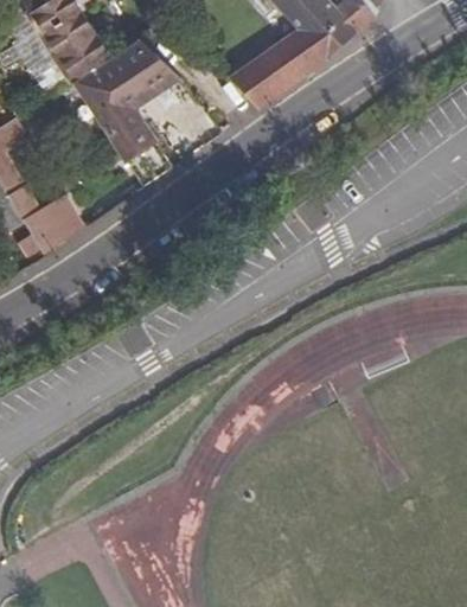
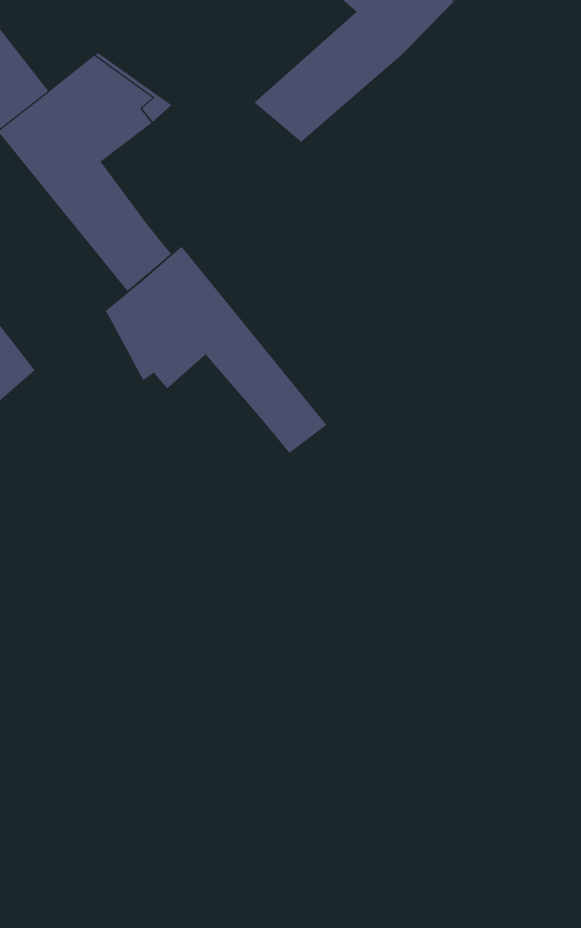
building: none -> [105,246,327,454]

